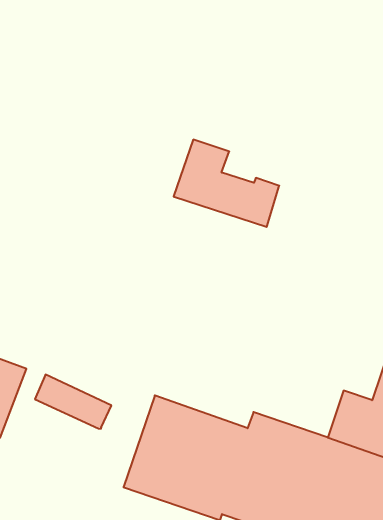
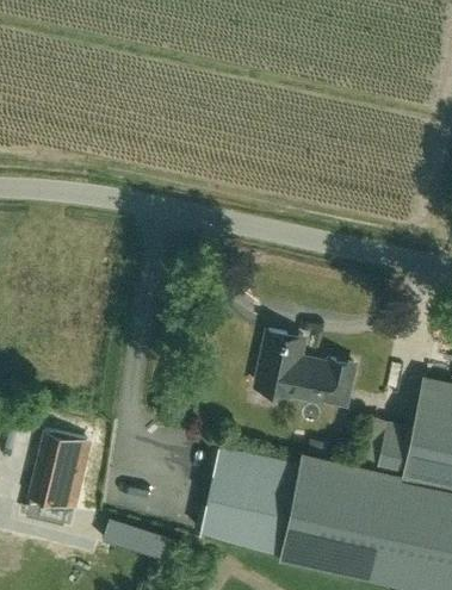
building: [174,140,279,227] -> [258,334,354,406]
building: [35,375,111,429] -> [105,520,177,564]

